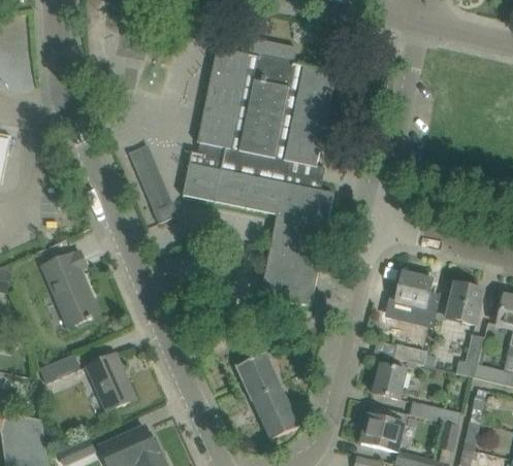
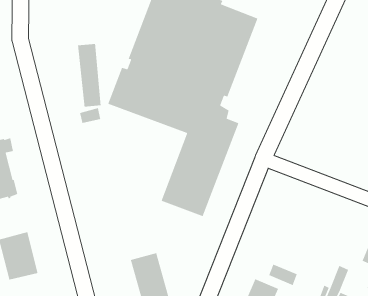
building: [393,271,434,317] -> none
building: [446,284,484,325] -> none

